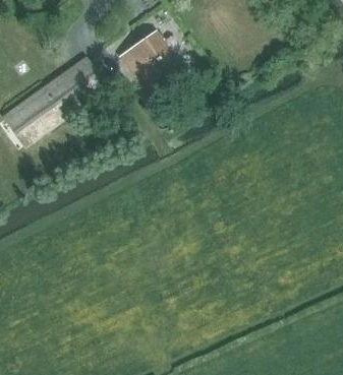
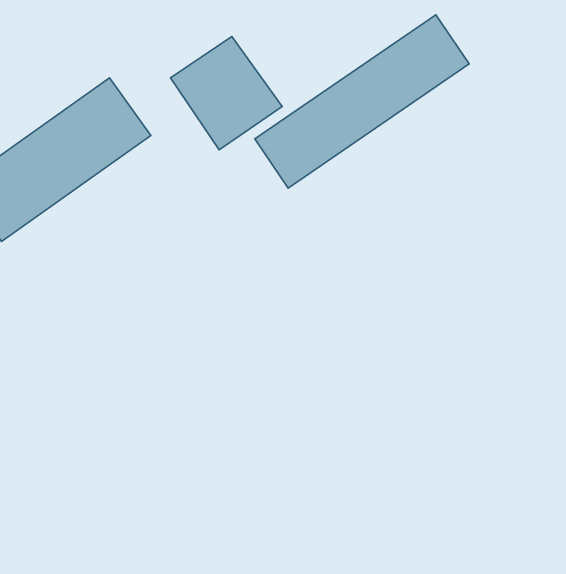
building: none -> [255,15,469,188]

